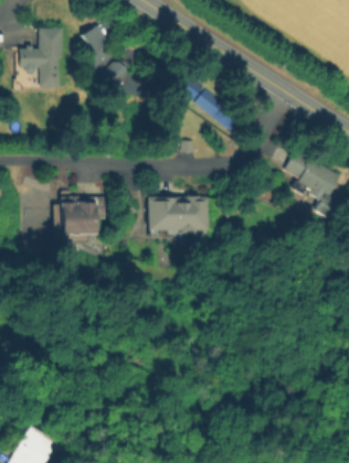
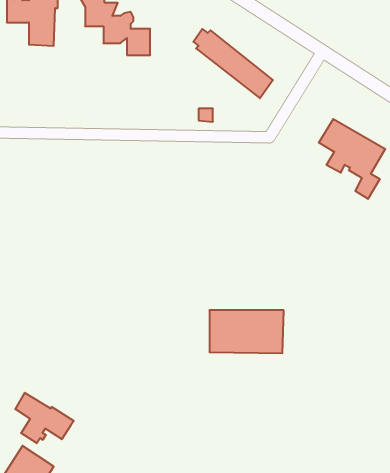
building: [56,198,103,241] -> none
building: [145,198,208,235] -> [209,310,284,353]
building: none -> [15,393,74,443]

